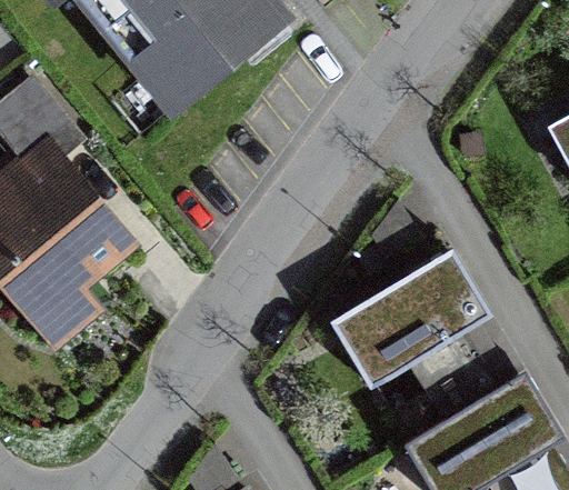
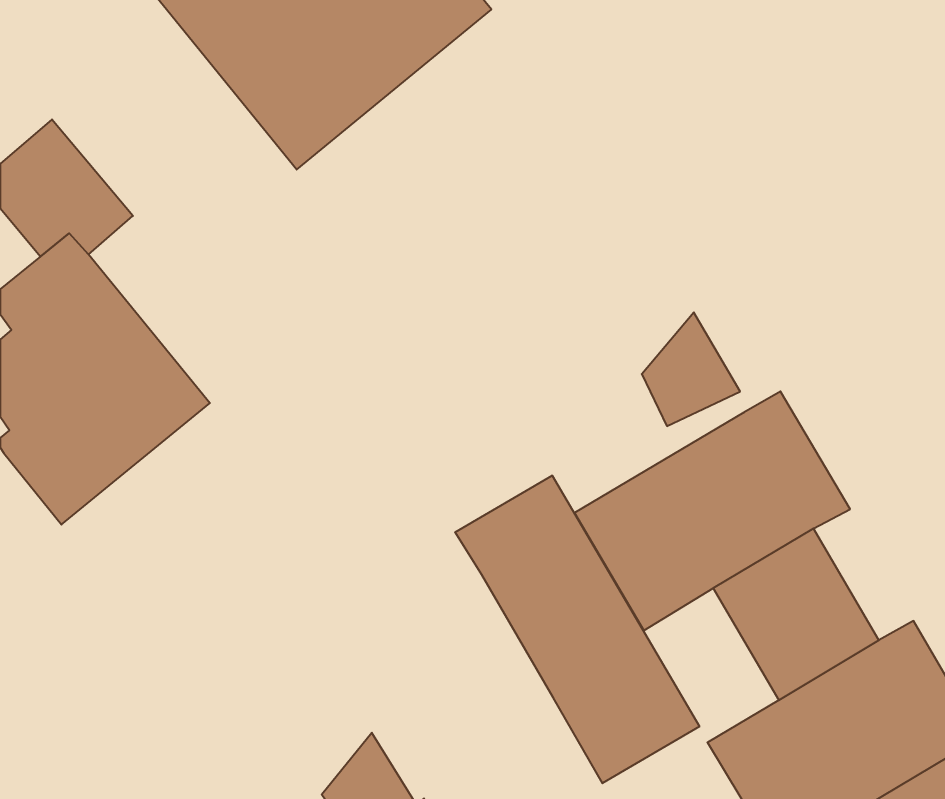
building: none -> [455,475,699,783]

